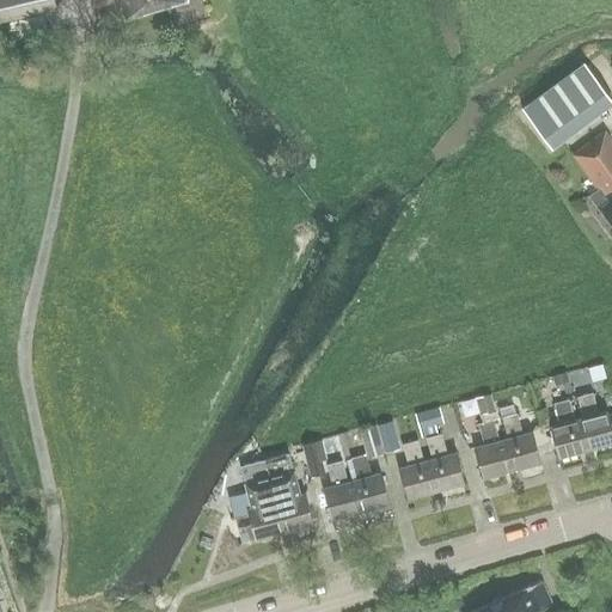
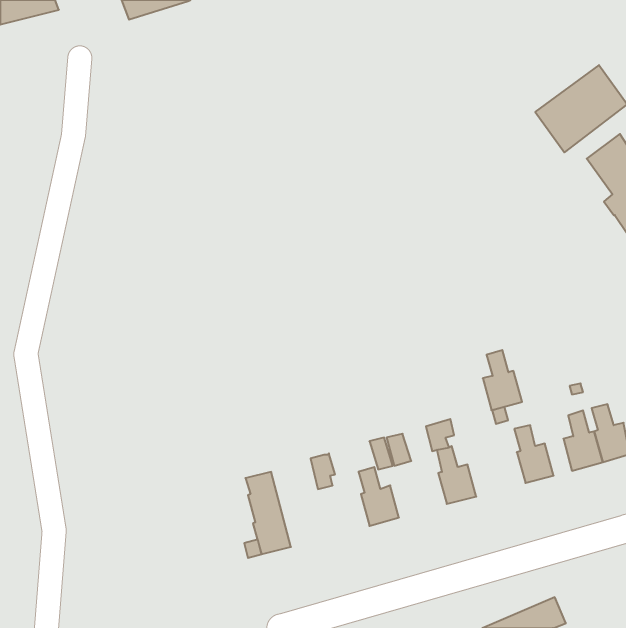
building: [475,420,513,478] -> [483,350,522,410]
building: [399,440,436,498] -> none
building: [265,453,313,532] -> none
building: [324,460,361,519] -> none

